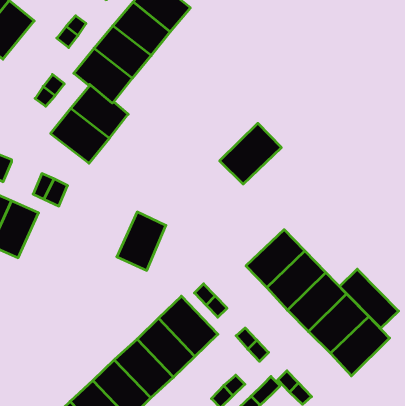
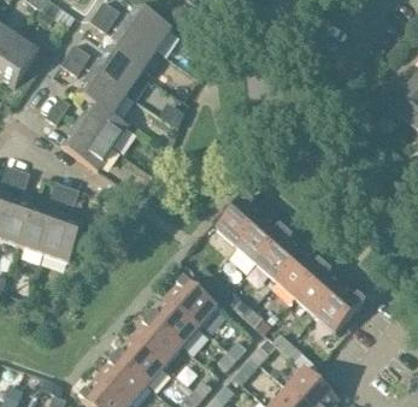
building: [220,123,281,184] -> [216,193,267,246]
building: [117,212,166,270] -> [42,214,82,264]
building: [339,269,399,328] -> none

